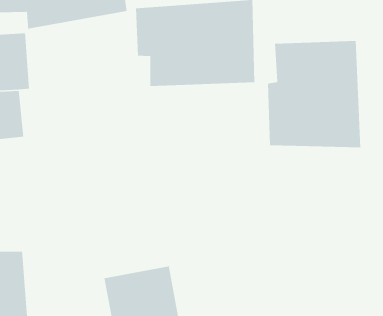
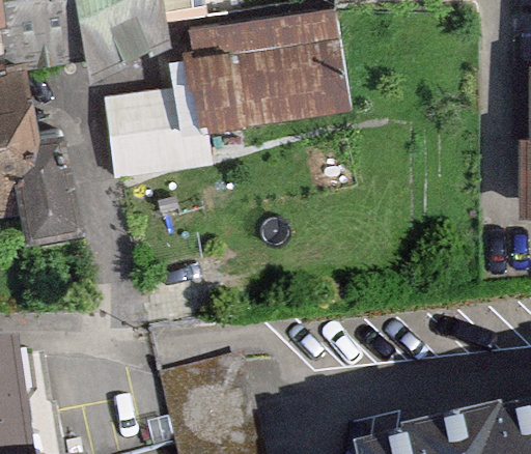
building: [267,40,361,148] -> none
building: none -> [108,90,206,179]

